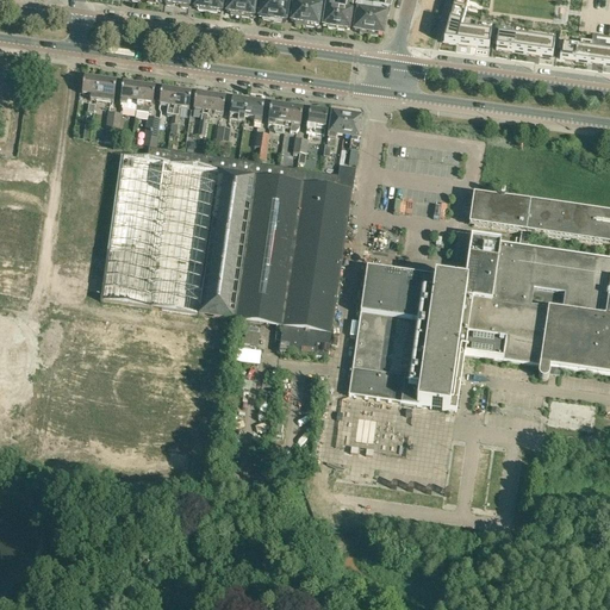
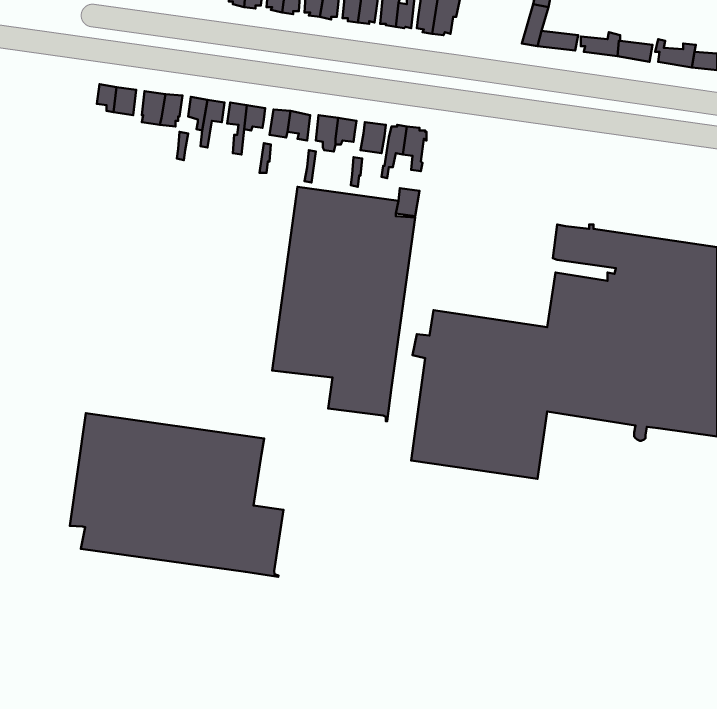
building: [100,143,253,315] -> none
building: none -> [70,413,283,577]

